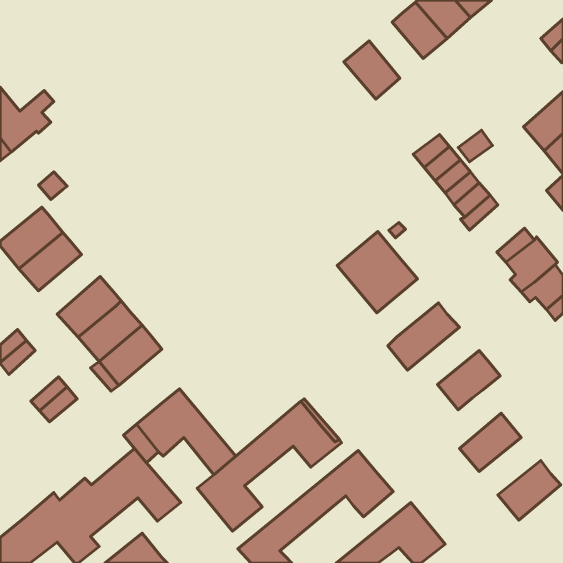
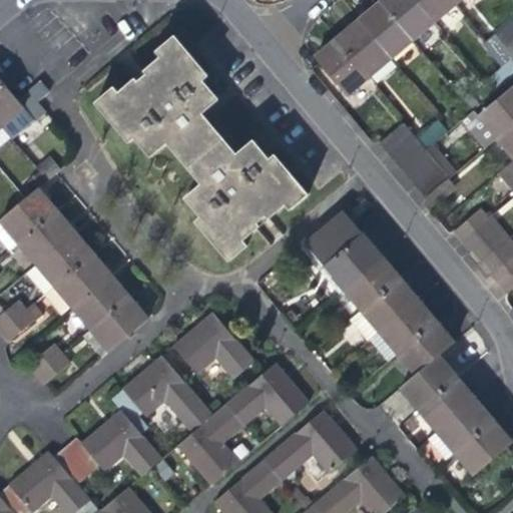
building: none -> [336,20,385,71]
building: none -> [98,37,310,261]
building: none -> [35,231,91,286]
building: none -> [343,253,399,307]
building: none -> [371,298,436,358]
building: none -> [174,312,256,378]
building: none -> [401,355,456,408]
building: none -> [436,398,492,450]

